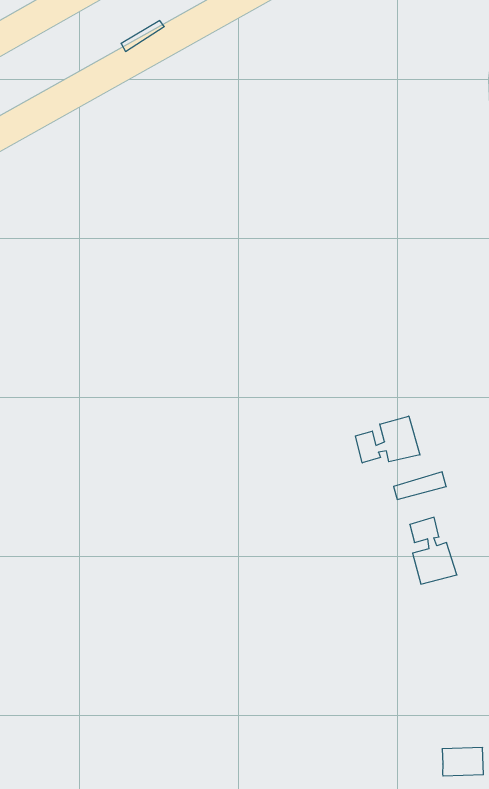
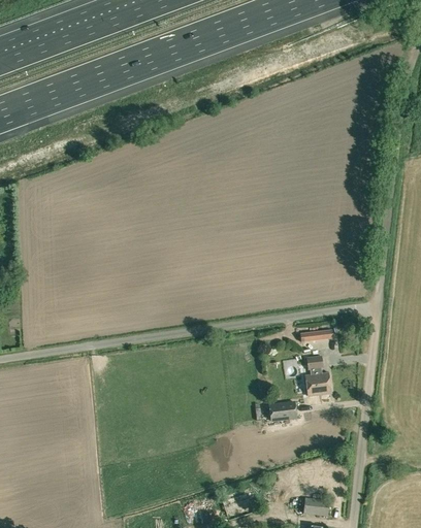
building: [356,416,420,463] -> none
building: none -> [268,400,297,422]

